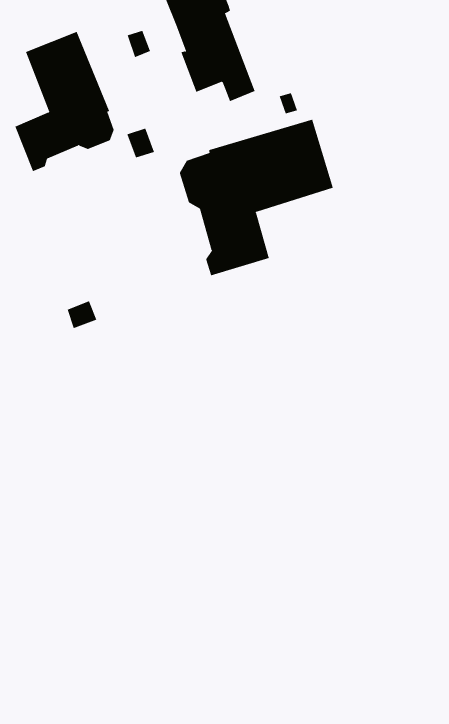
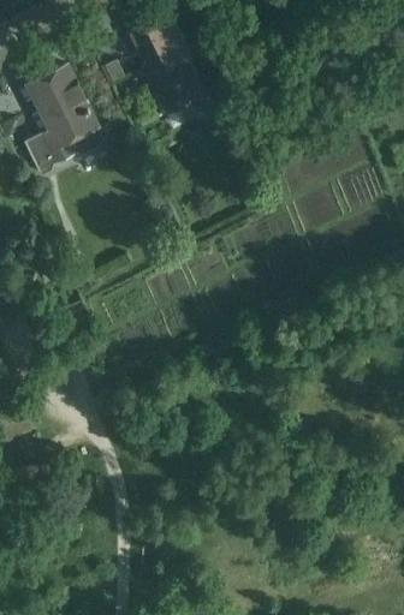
building: [179,119,333,276] -> none

